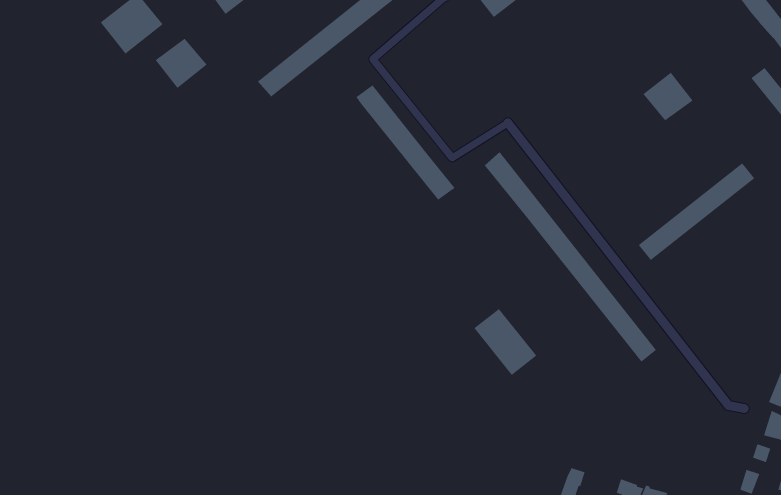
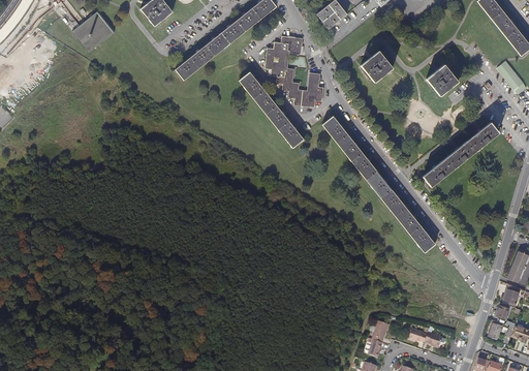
building: none -> [266,36,323,106]
building: [155,38,208,89] -> none
building: none -> [361,51,393,82]
building: [474,308,537,376] -> none

